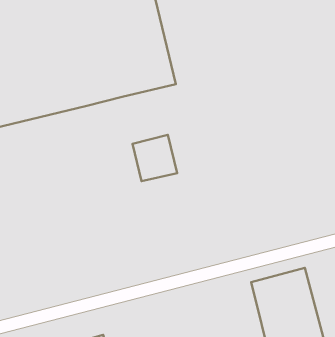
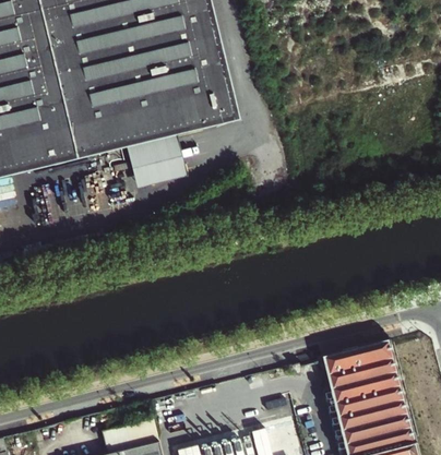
building: [133,135,177,181] -> [126,132,179,188]

